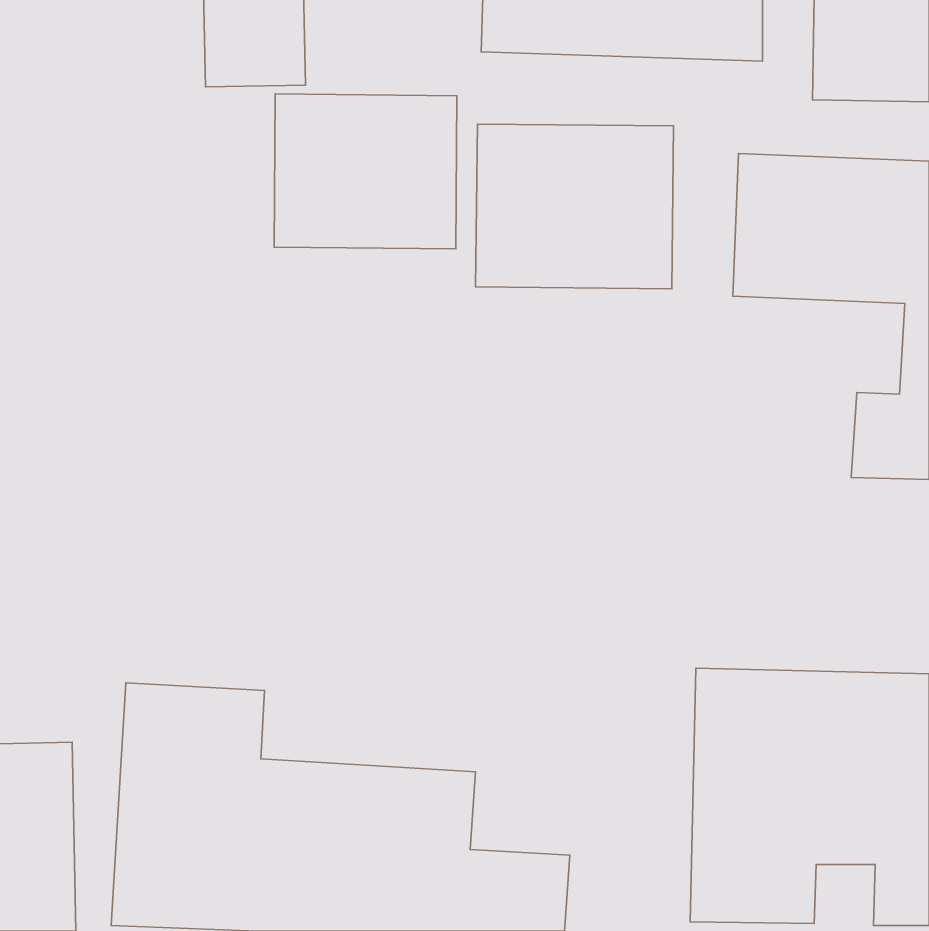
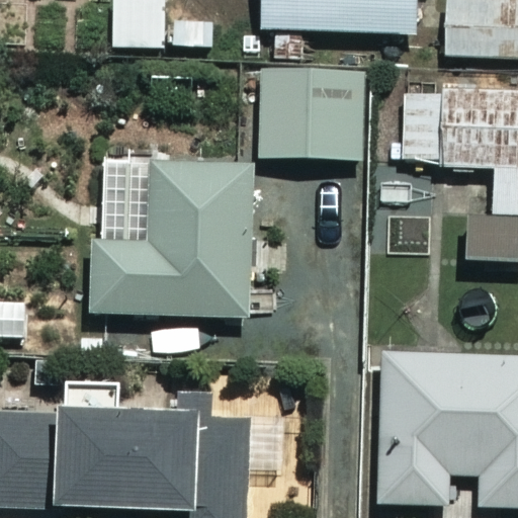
building: [274,94,457,249] -> none
building: none -> [92,163,254,343]

